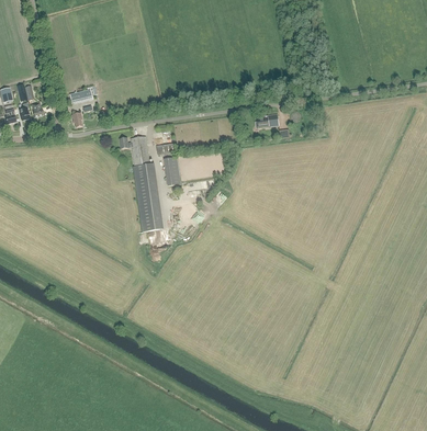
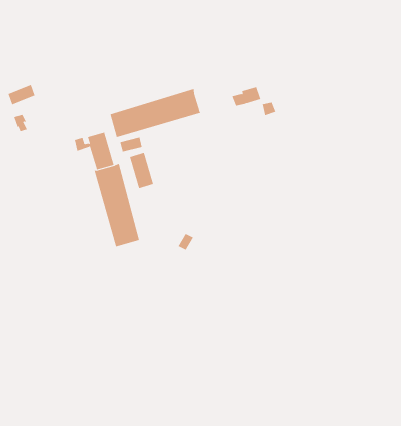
building: none -> [110,88,201,138]

